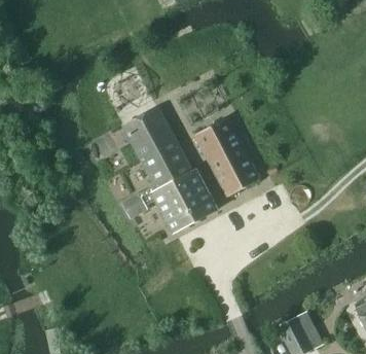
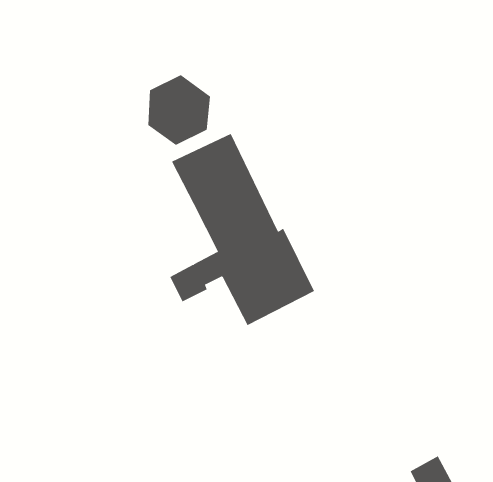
building: [194,117,259,196] -> none

